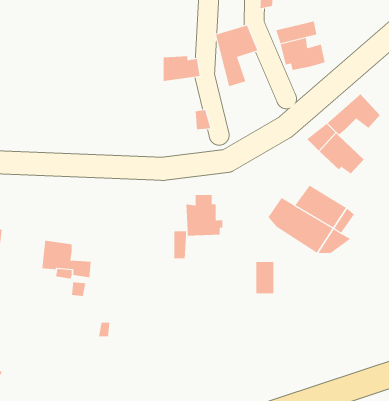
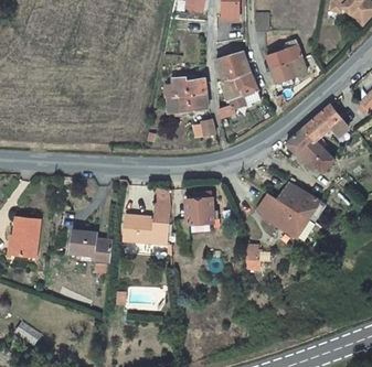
building: none -> [212,71,258,117]
building: none -> [170,91,203,111]
building: none -> [121,186,172,244]

